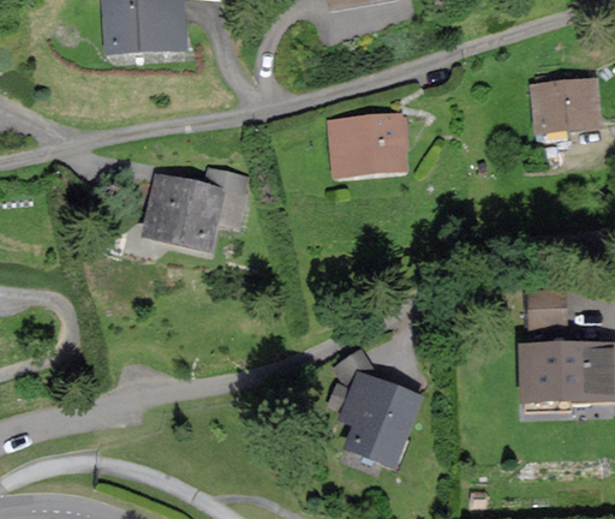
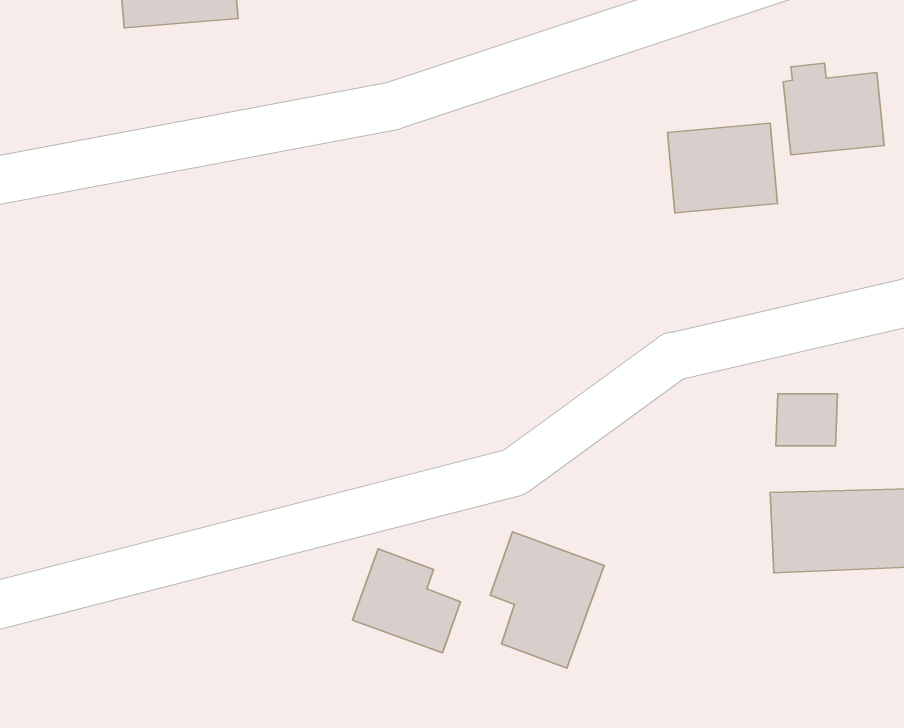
building: [330,115,401,173] -> [667,123,778,213]
building: [147,168,243,250] -> none
building: none -> [352,549,461,653]

